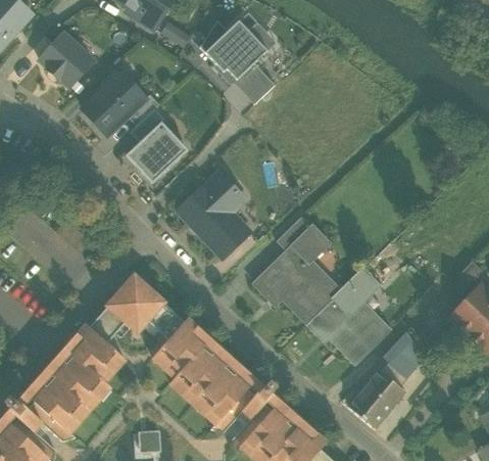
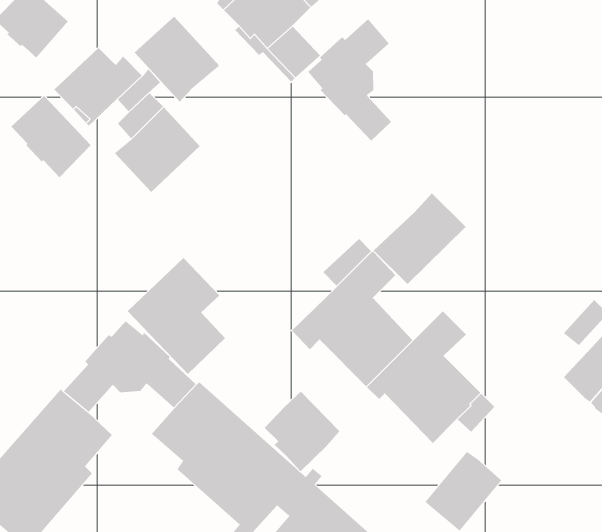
building: none -> [134,16,220,103]
building: none -> [308,19,392,141]
building: none -> [10,95,91,178]
building: [179,172,250,257] -> [127,257,226,375]
building: none -> [373,193,466,285]
building: none -> [264,391,340,472]
building: [381,337,424,377] -> none

